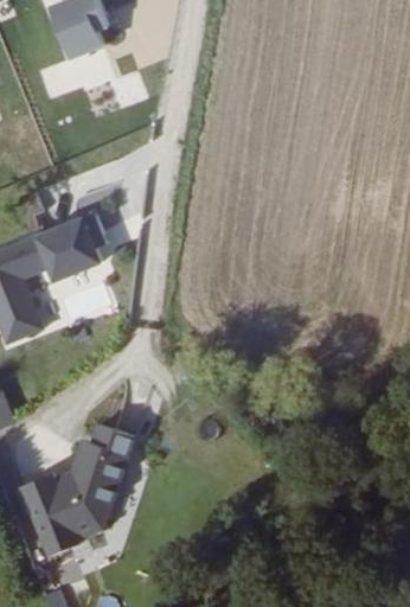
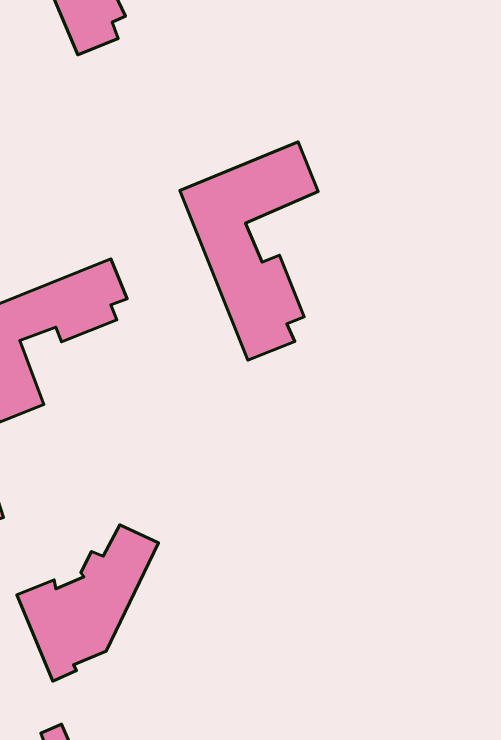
building: none -> [180,142,318,360]

